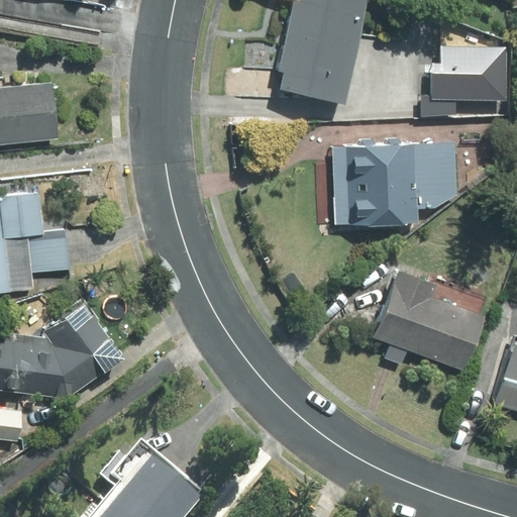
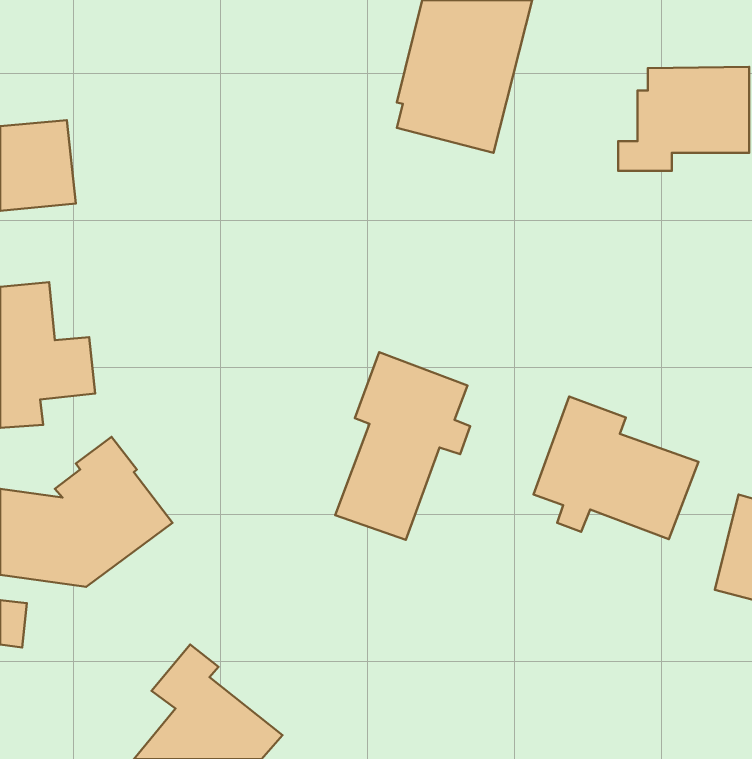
building: [331,137,456,225] -> none
building: none -> [335,352,470,540]

